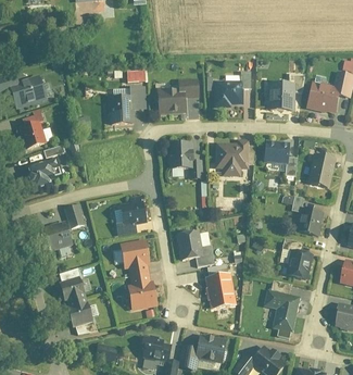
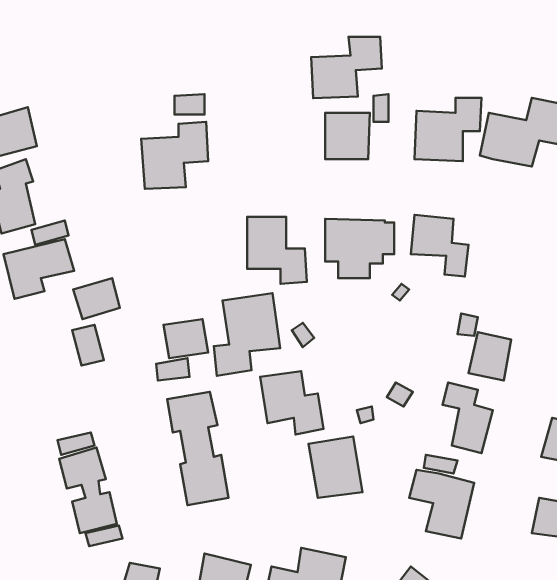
building: [157,77,199,113] -> [311,37,382,98]
building: [306,153,335,187] -> none
building: none -> [214,293,280,376]
building: [43,225,71,249] -> [73,278,120,319]

